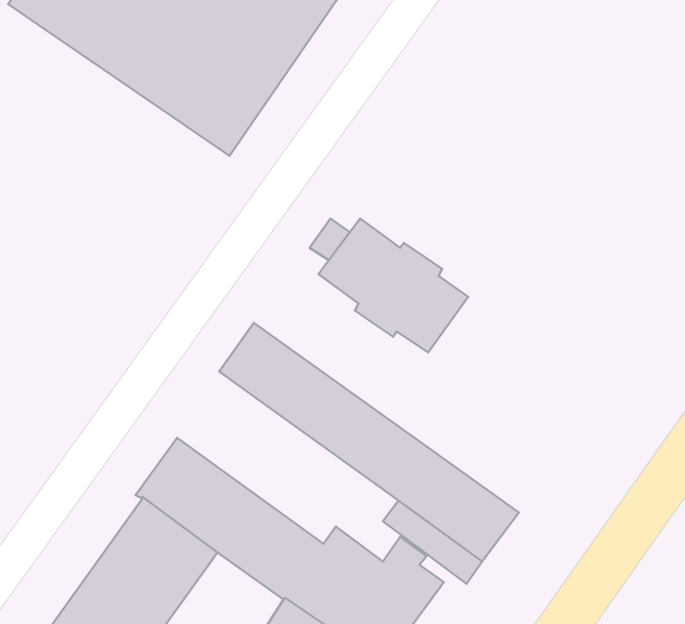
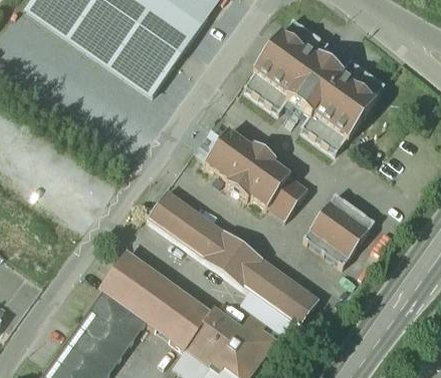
building: none -> [243,18,385,152]
building: none -> [267,174,308,220]
building: none -> [302,194,375,267]

